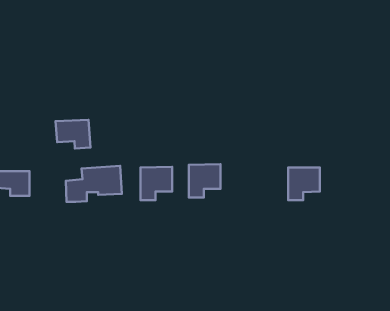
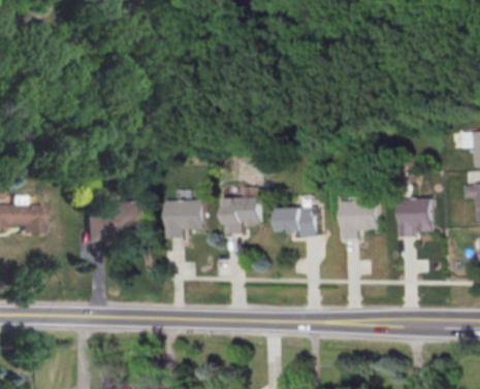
building: [56,120,91,149] -> none
building: none -> [397,198,431,237]
building: none -> [276,206,316,237]

